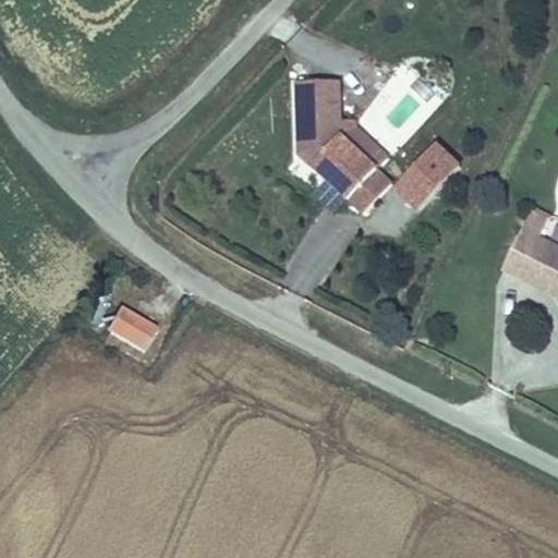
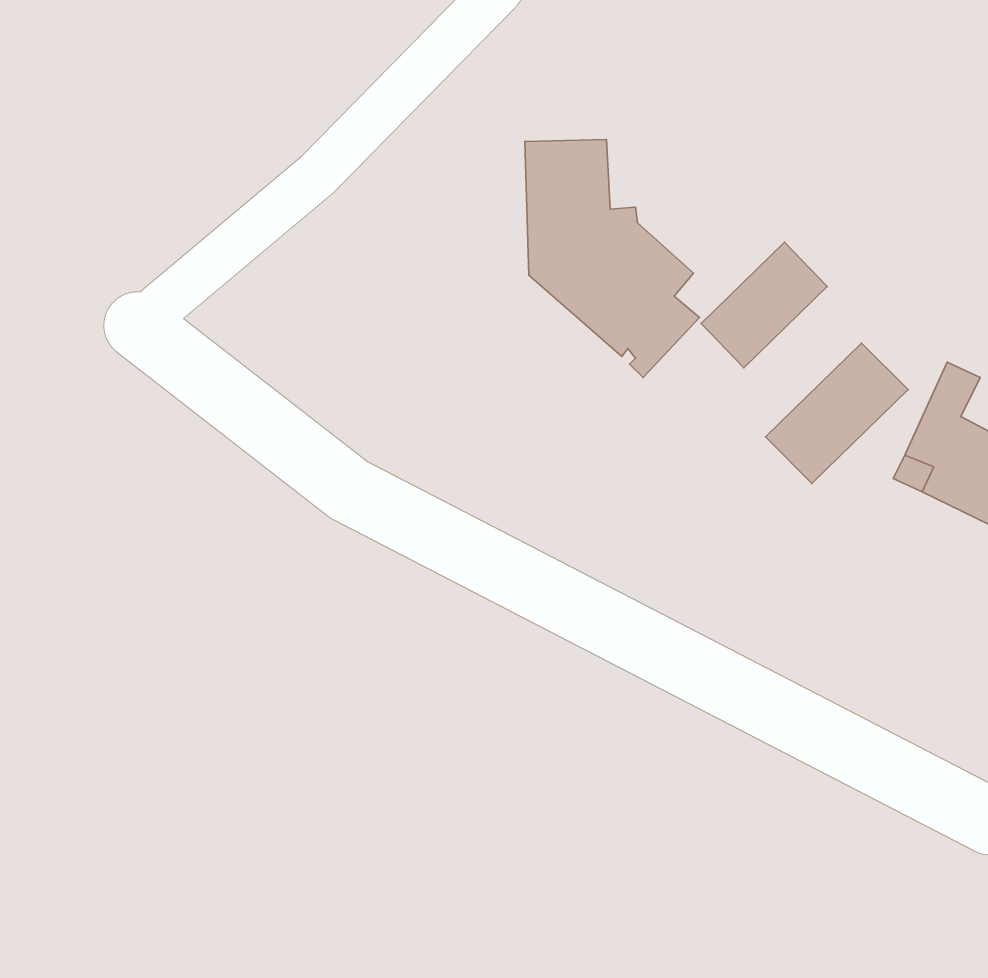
building: none -> [765,343,908,483]
building: [105,307,153,345] -> none

